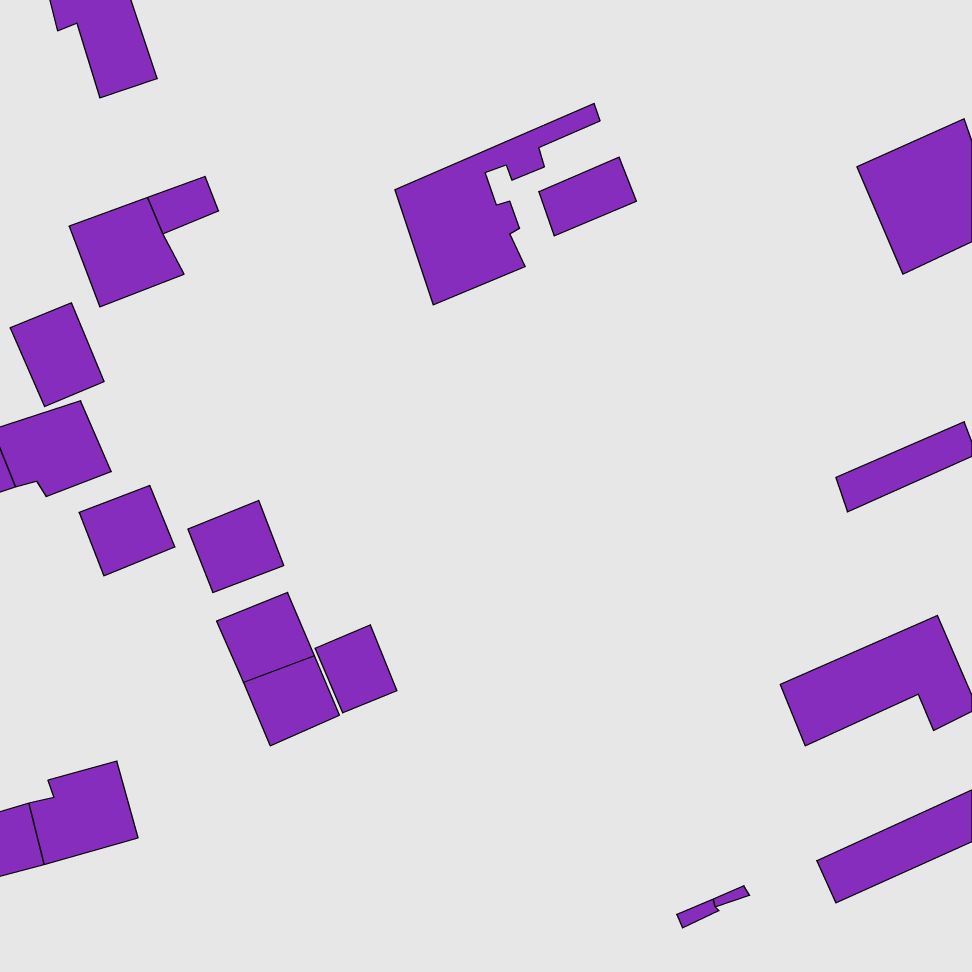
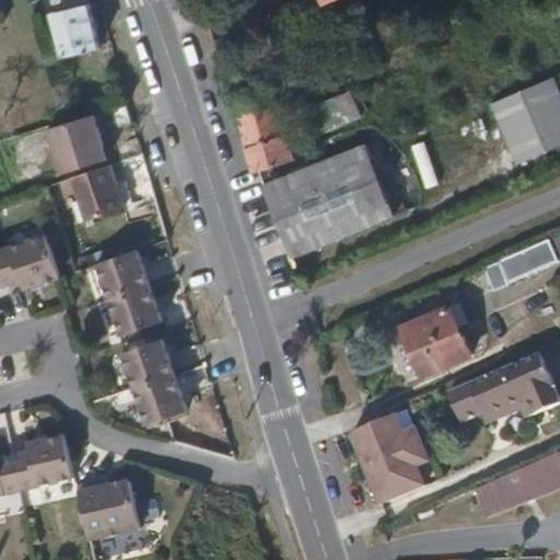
building: none -> [269,143,399,257]
building: [10,303,104,407] -> [74,168,128,228]
building: [79,486,175,576] -> [93,250,148,302]
building: none -> [399,307,467,378]
building: [315,625,397,713] -> none
building: none -> [342,415,424,510]
building: none -> [79,485,143,546]

